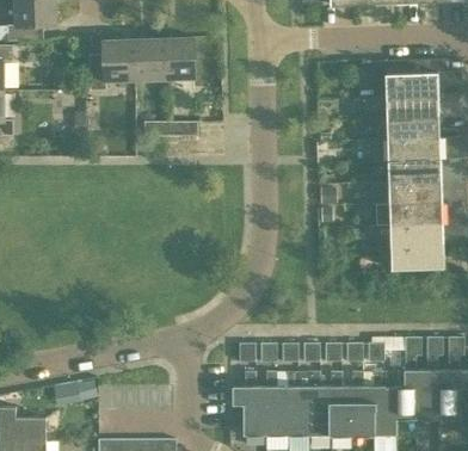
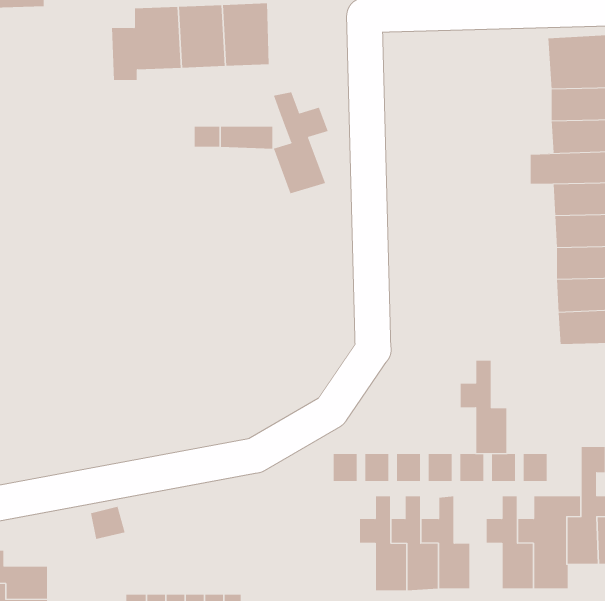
building: none -> [273,92,328,194]
building: [232,372,265,437] -> none
building: [319,372,351,435] -> [460,360,507,453]

